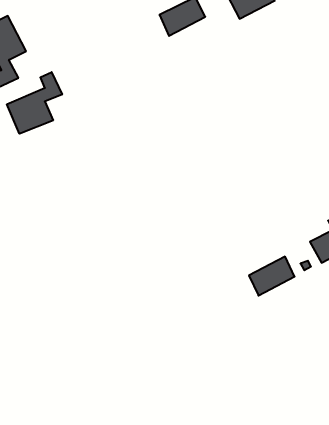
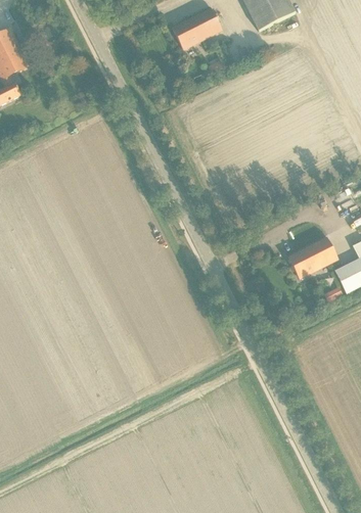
building: [7,72,62,134] -> none
building: [249,257,295,296] -> [288,235,337,277]

